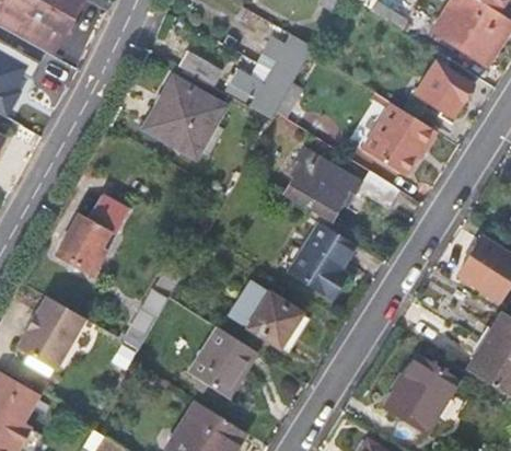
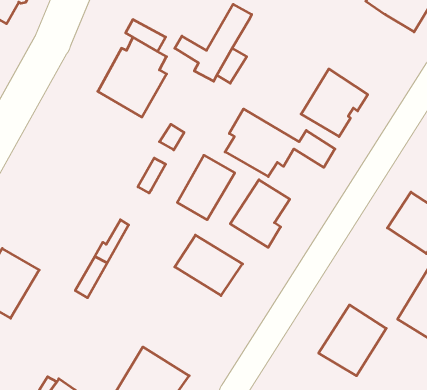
building: [416,62,471,116] -> none
building: [57,195,129,274] -> none
building: none -> [177,155,235,220]
building: [187,326,256,398] -> none

